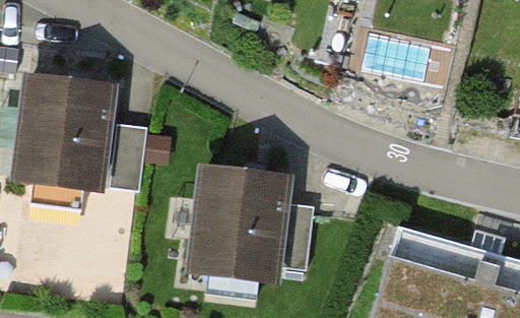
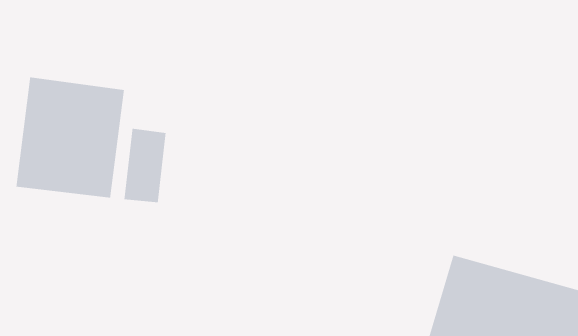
building: [193,174,314,278] -> none

